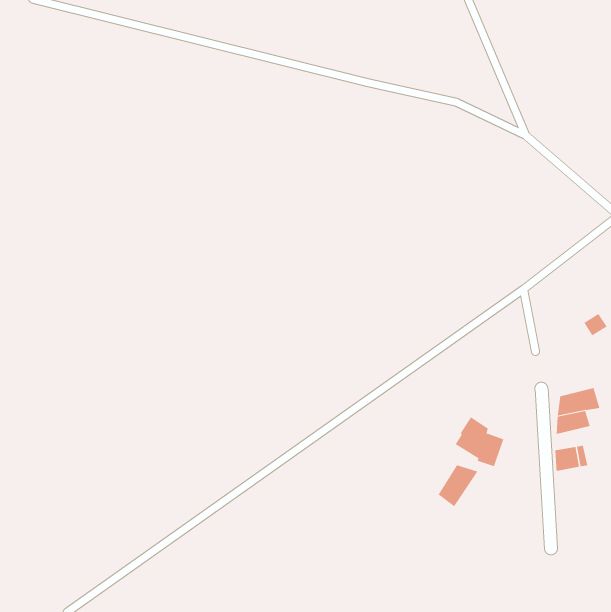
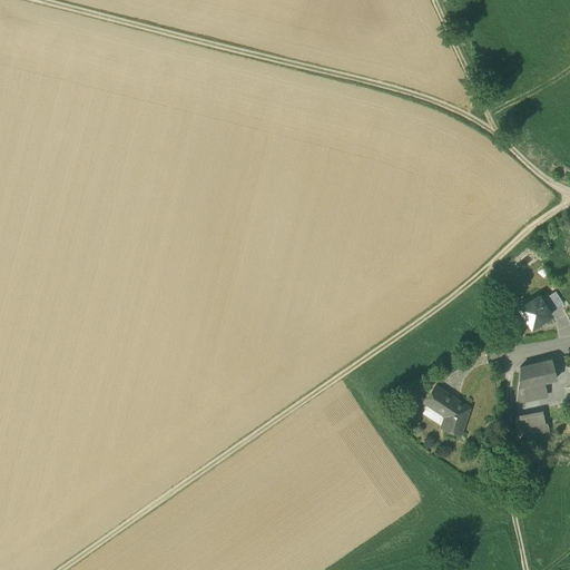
building: none -> [524,295,553,327]
building: [438,465,478,507] -> none

